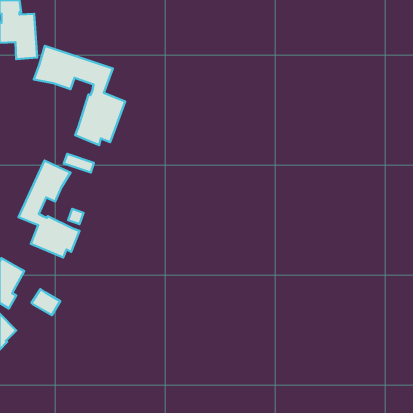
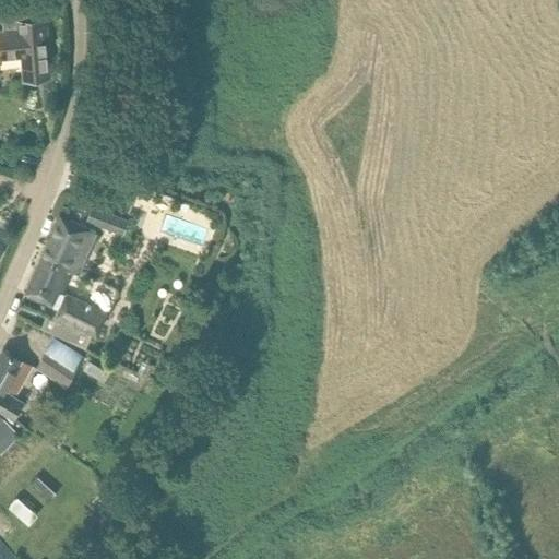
building: [34,46,125,145] -> none
building: [32,289,60,315] -> [36,348,74,383]

